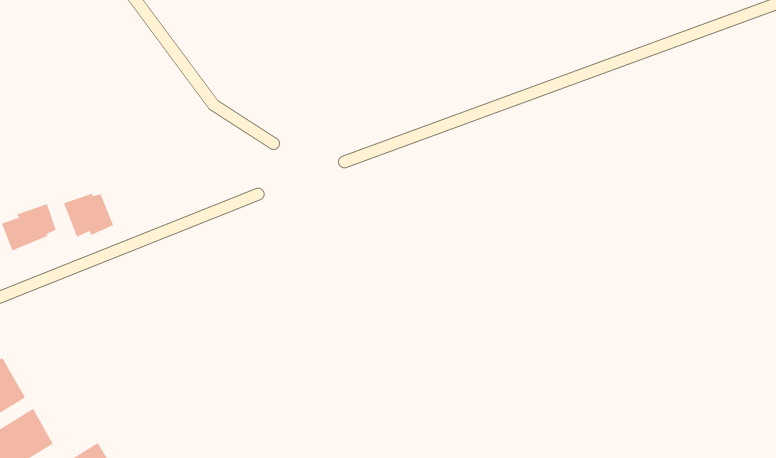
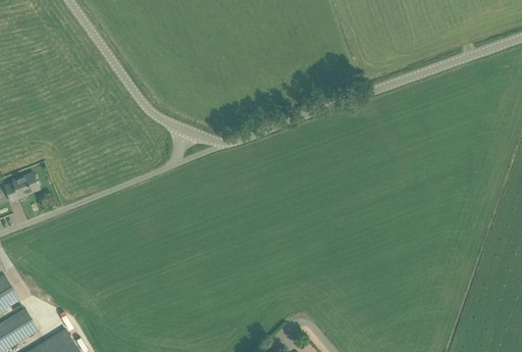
building: [63,193,114,237] -> none

